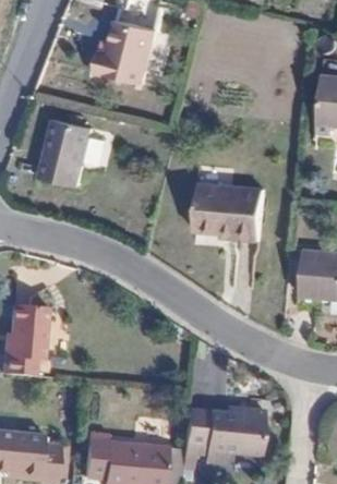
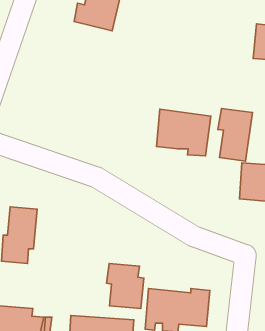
building: [39,118,91,185] -> none
building: none -> [218,109,253,161]
building: none -> [106,264,144,308]

